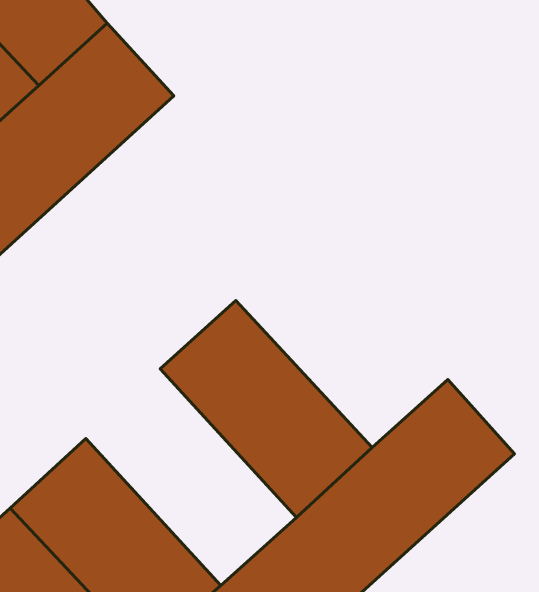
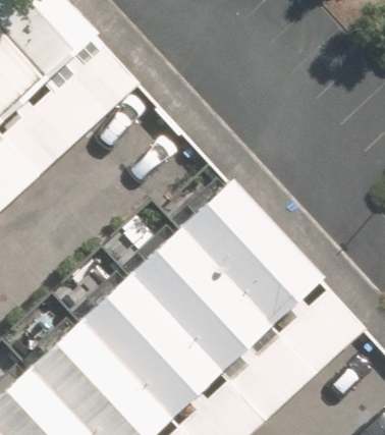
building: none -> [179,180,322,326]
building: none -> [78,273,220,419]

